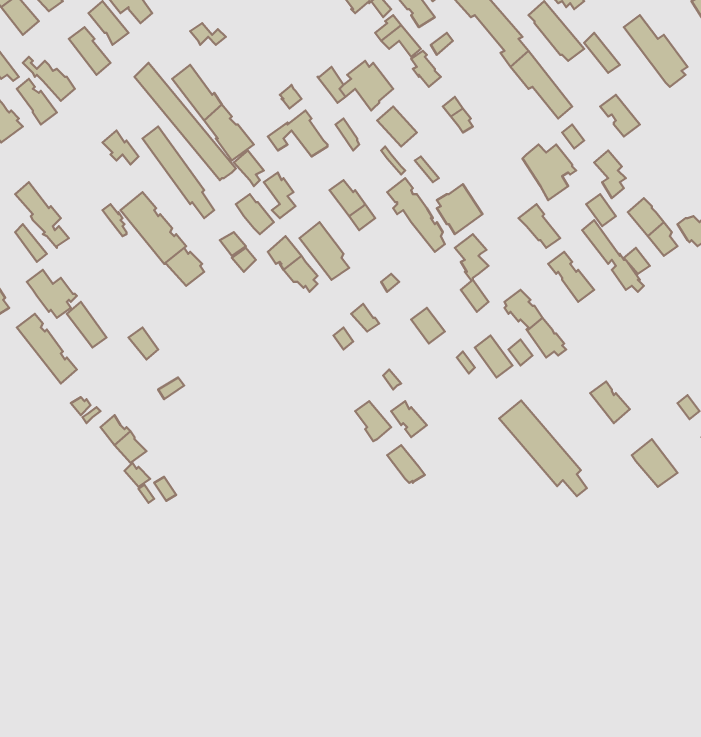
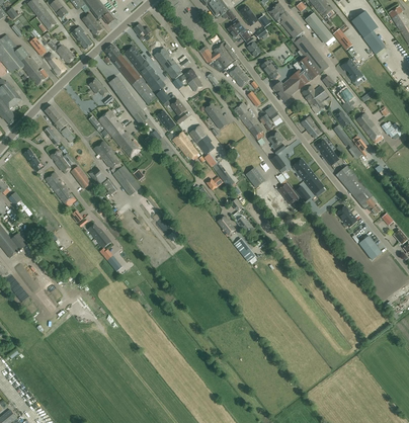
building: none -> [154,48,182,80]
building: none -> [272,56,321,101]
building: none -> [94,141,141,195]
building: [499,401,587,496] -> [336,165,381,214]

